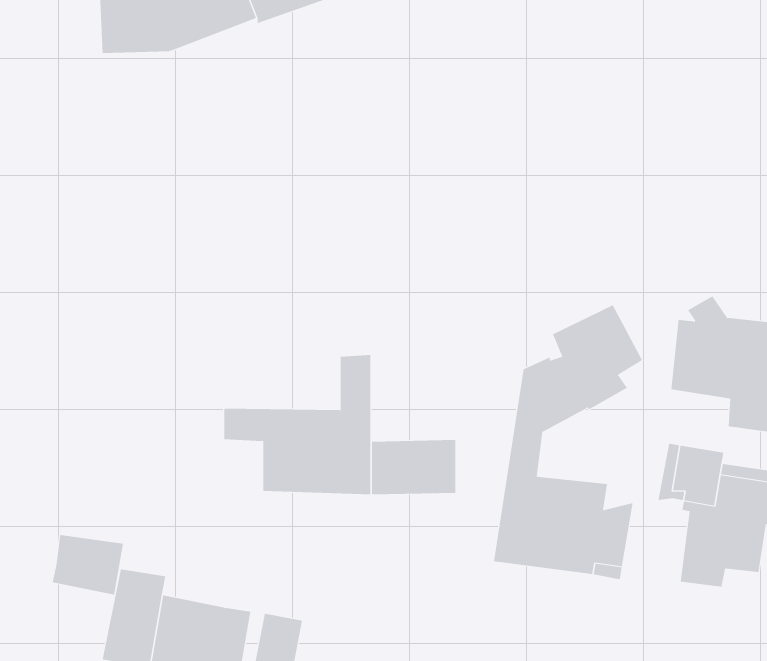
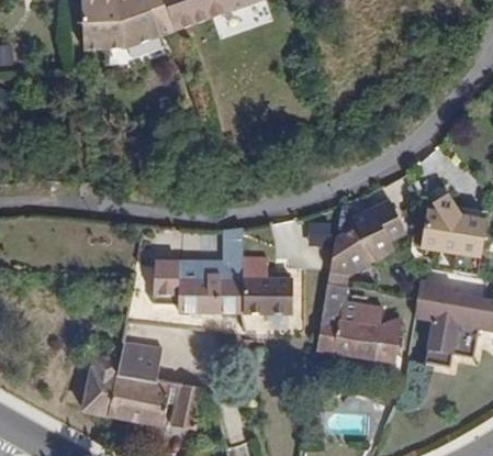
building: [52,534,124,595] -> [120,343,163,379]

